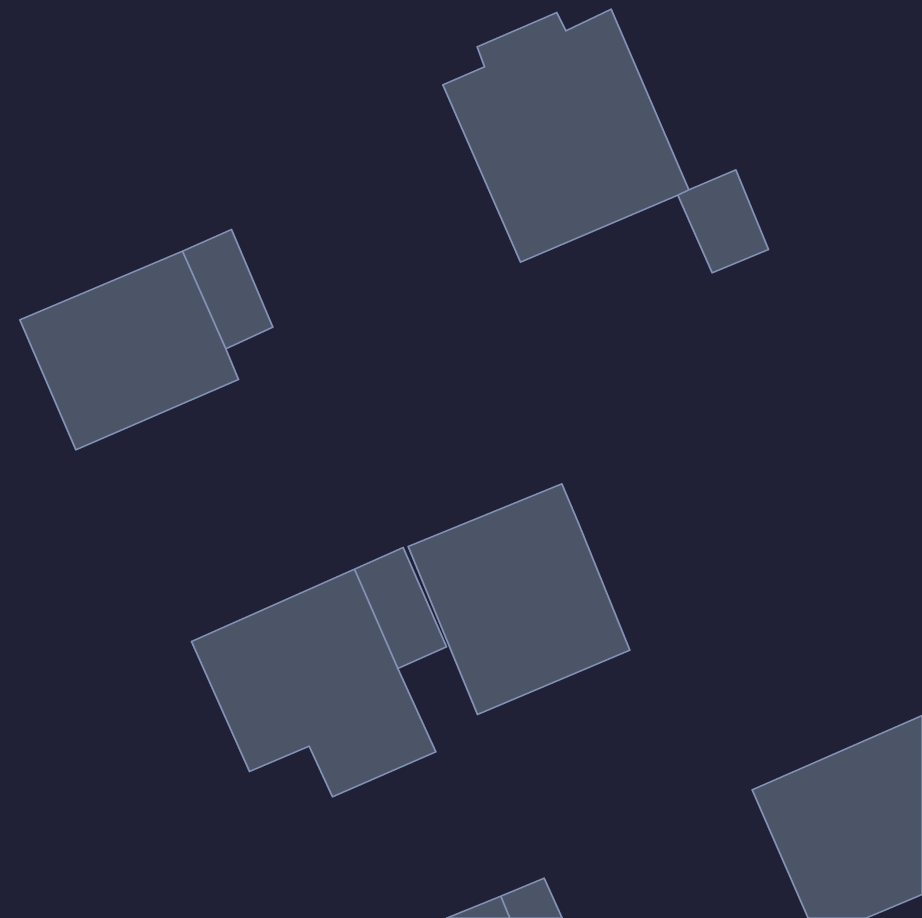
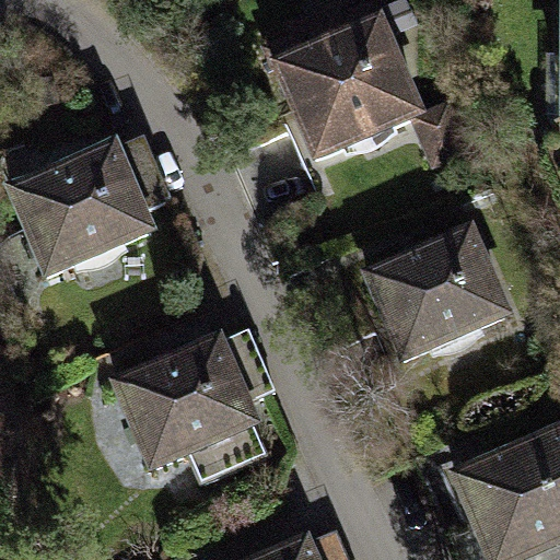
building: none -> [369,235,502,357]
building: [408,484,630,715] -> none

